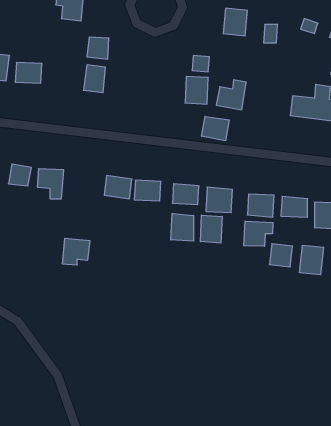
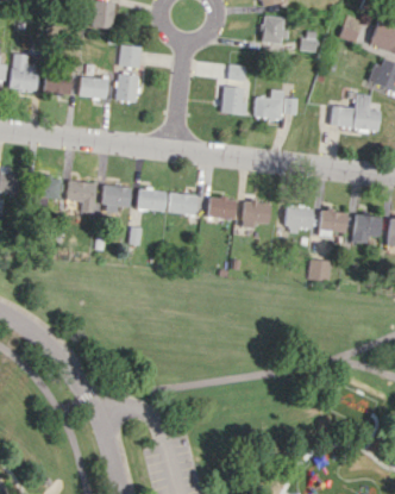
building: none -> [80,76,108,98]
building: [202,116,229,141] -> none
building: [171,213,194,241] -> none
building: [200,215,222,243] -> none
building: [244,221,273,246] -> none
building: [62,238,90,265] -> [102,185,131,212]
building: [300,245,324,275] -> none

